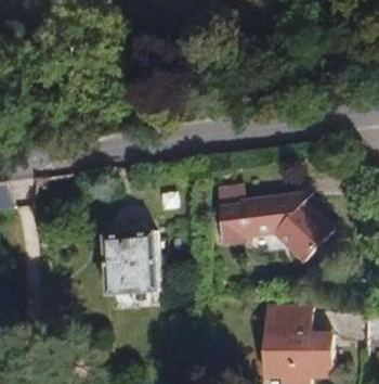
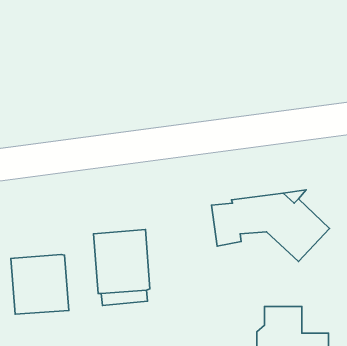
building: none -> [11,255,69,314]

